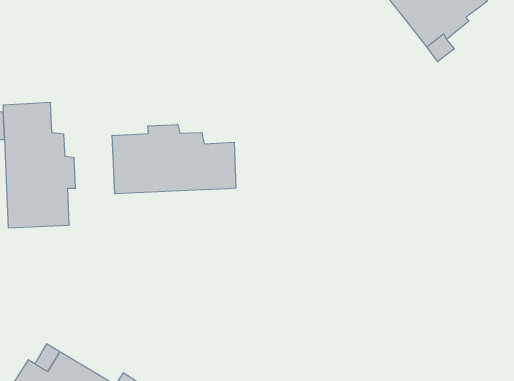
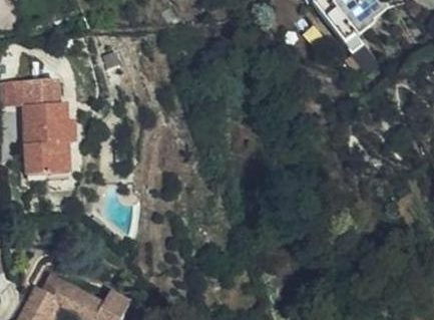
building: [112,124,236,194] -> none

